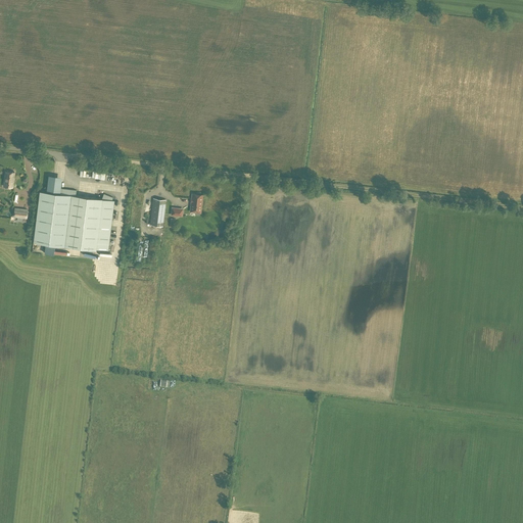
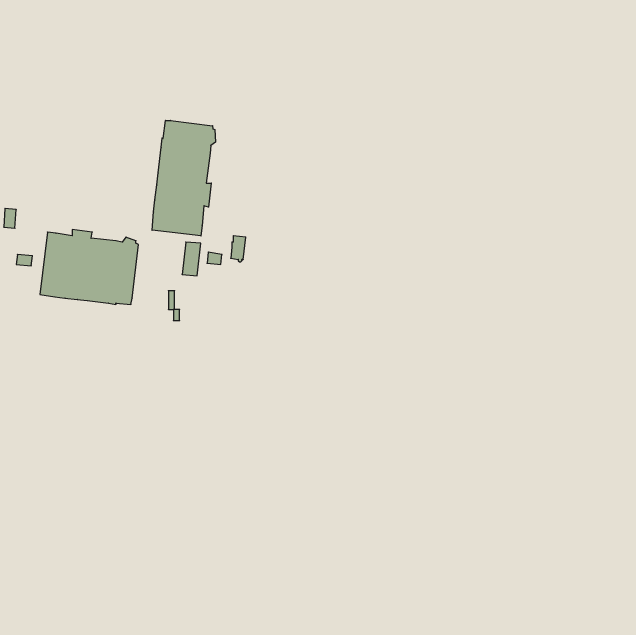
building: none -> [152,120,215,236]

